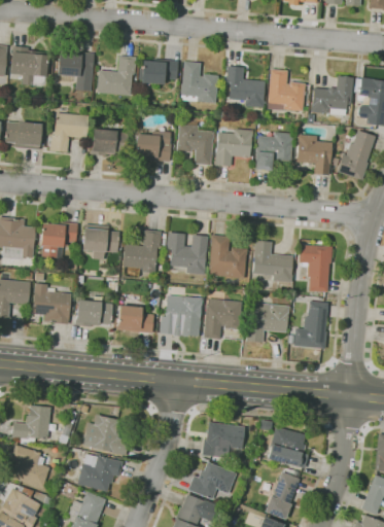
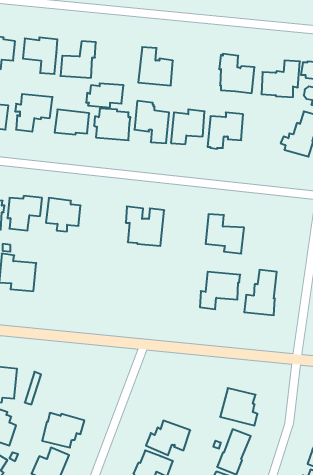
building: [138,59,178,84] -> [86,83,124,107]
building: [225,66,265,108] -> none
building: [295,134,331,176] -> none
building: [123,230,161,273] -> none
building: [208,235,247,279] -> none
building: [299,245,333,292] -> none
building: [160,294,202,337] -> none
building: [203,298,242,339] -> none
building: [75,300,112,326] -> none
building: [117,306,153,332] -> none
building: [82,414,129,456] -> none
building: [202,422,244,458] -> none

